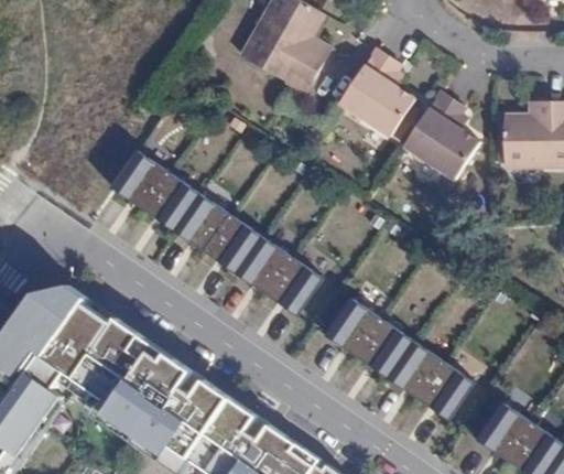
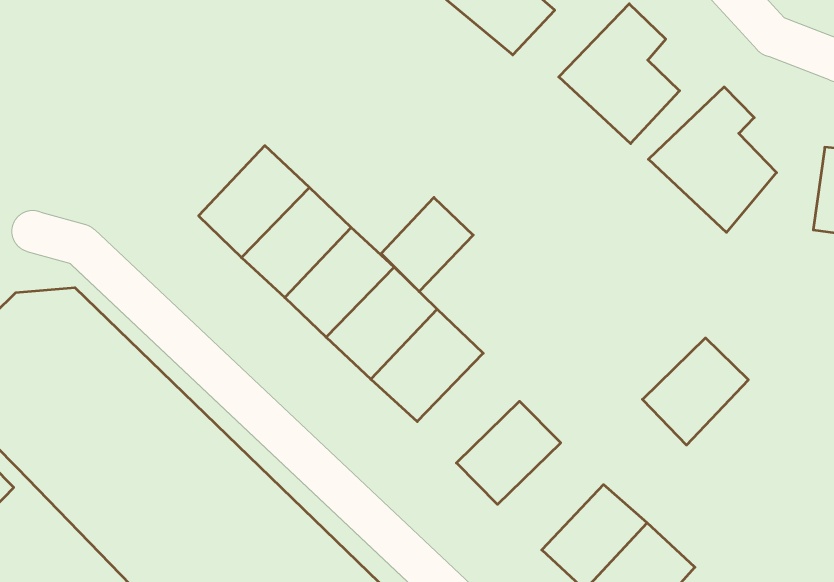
building: [107,146,173,217] -> none
building: none -> [381,197,473,292]
building: [347,319,409,385] -> [642,338,748,445]

